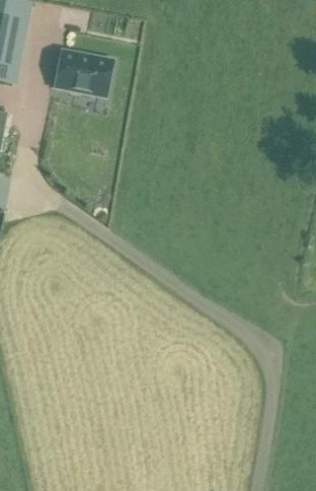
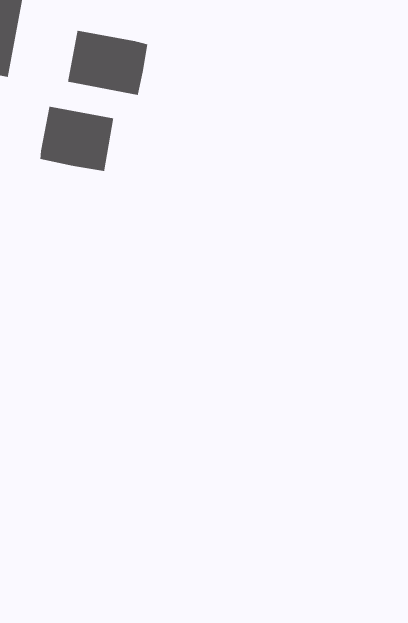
building: none -> [40,106,114,172]

